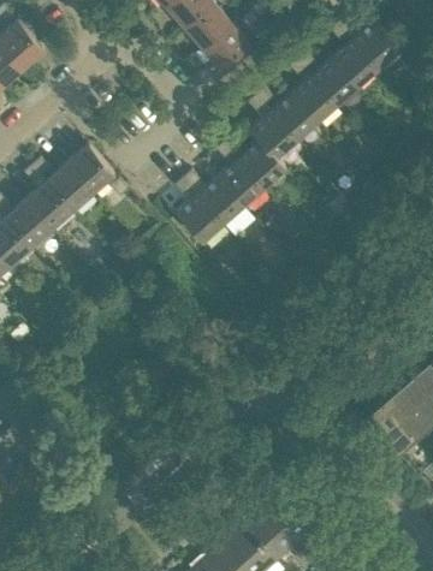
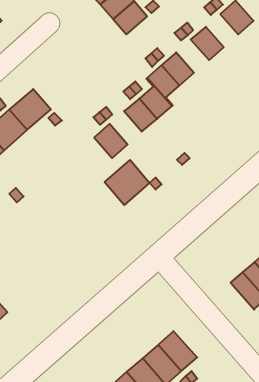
building: [332,42,378,89] -> none
building: [290,78,337,125] -> none
building: [196,179,242,226] -> none
building: none -> [105,160,150,205]

